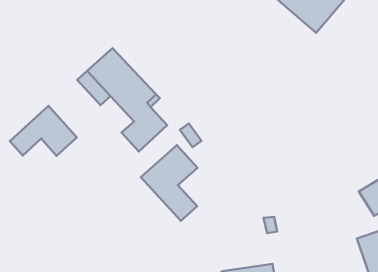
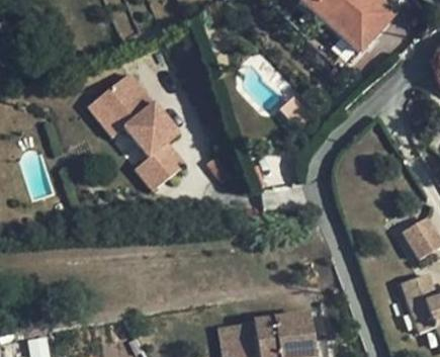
building: [10,106,77,156] -> none
building: [141,145,198,221] -> none

